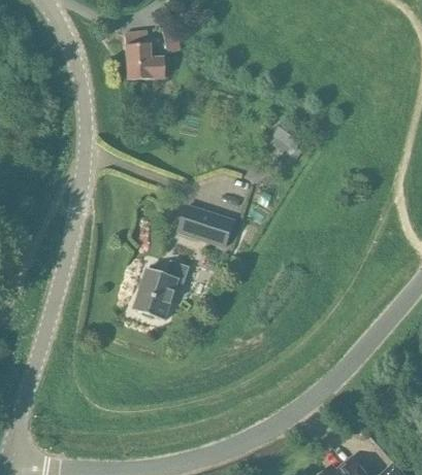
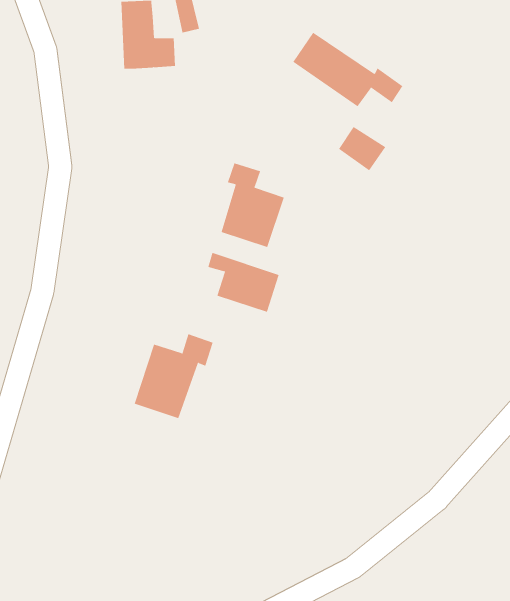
building: none -> [293,32,403,107]
building: none -> [221,163,285,248]

